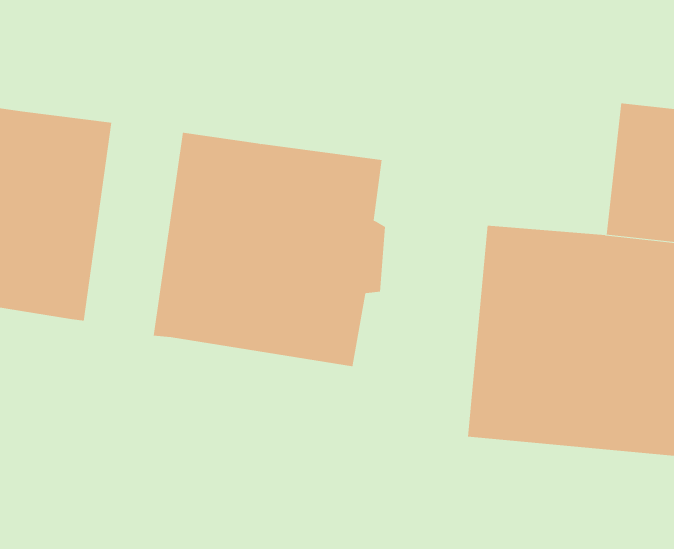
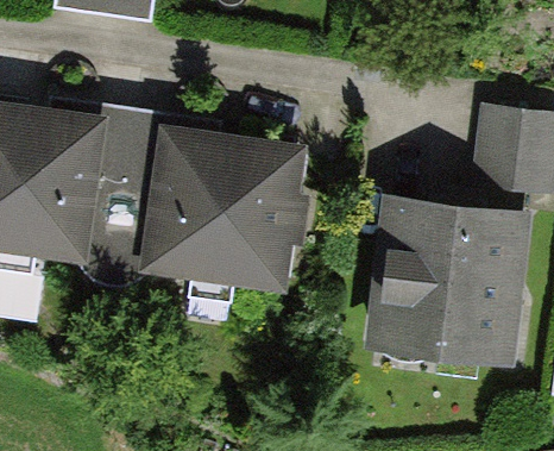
building: none -> [44,96,220,287]

